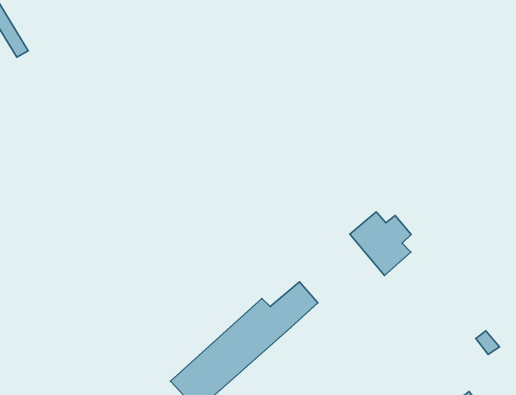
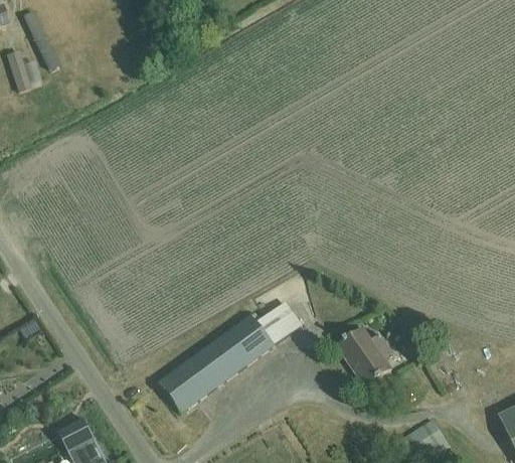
building: [350,212,411,275] -> [337,327,393,387]

